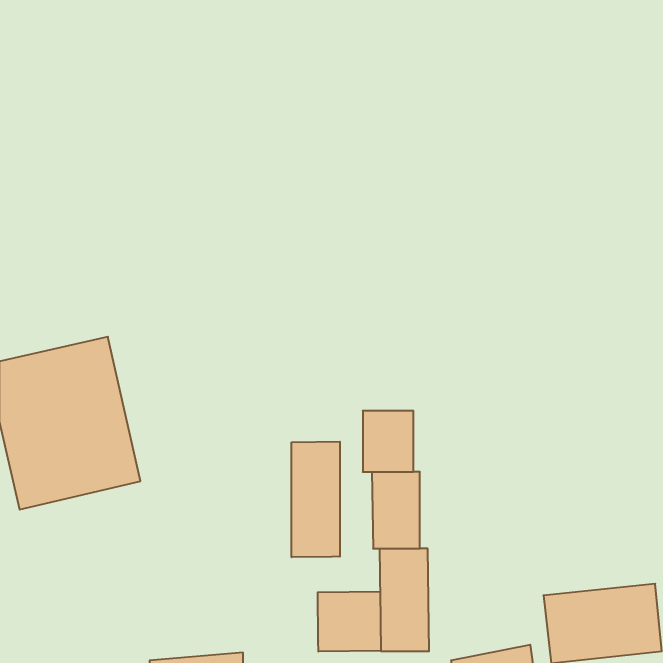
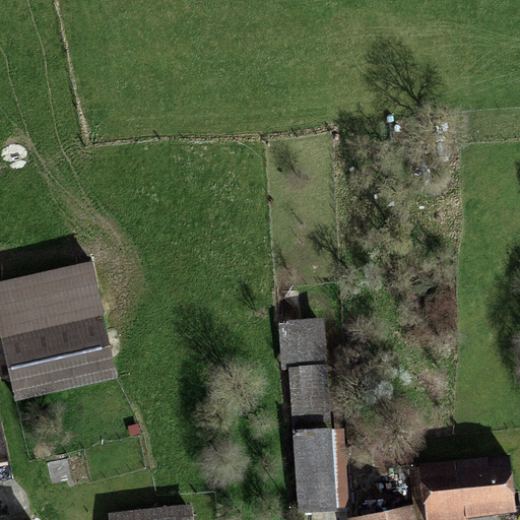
building: [292,442,340,557] -> none
building: [318,591,381,652] -> none

